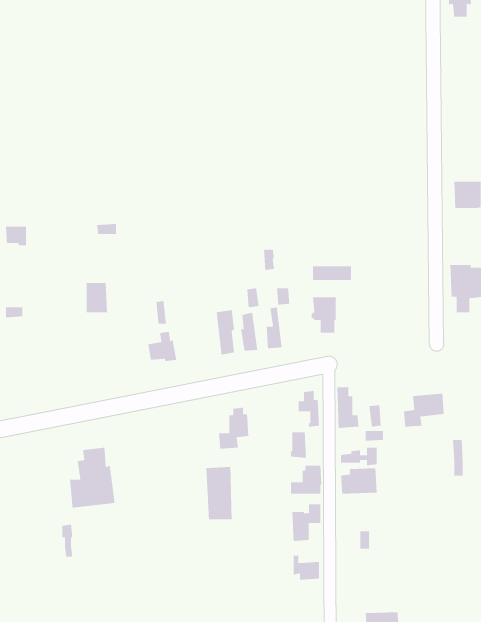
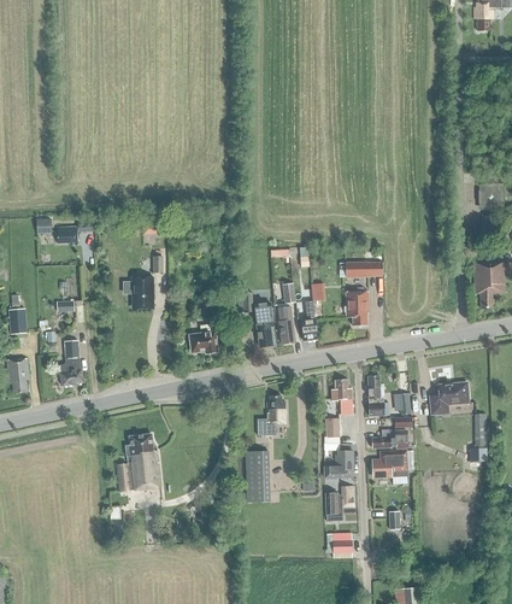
building: none -> [58,338,82,385]

